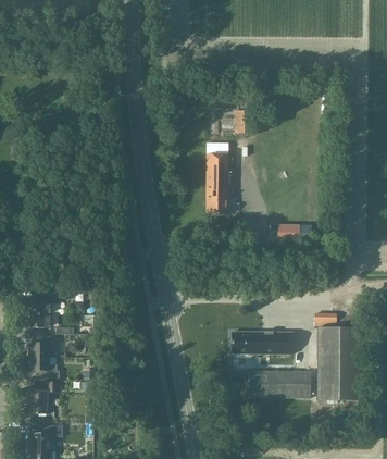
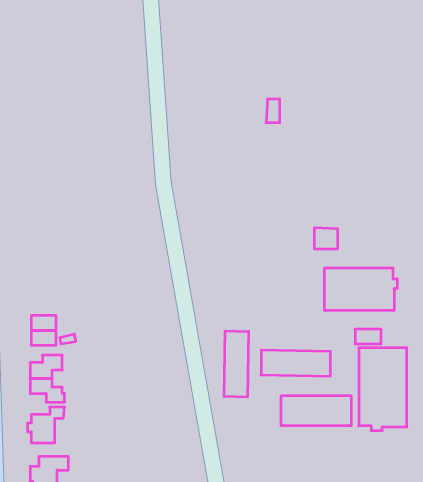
building: [207,153,228,215] -> none
building: none -> [325,268,397,311]
building: none -> [224,331,249,397]

